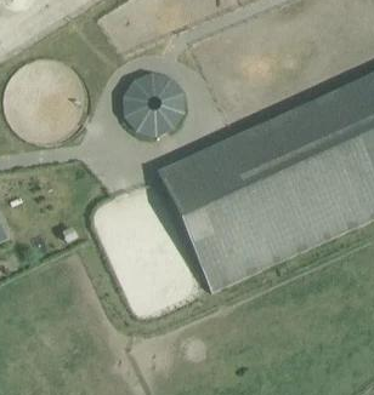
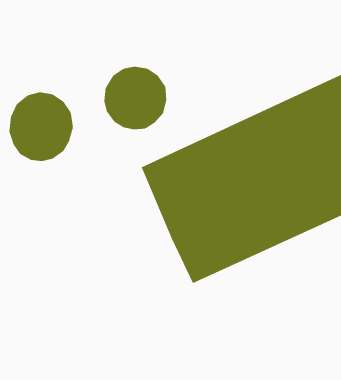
building: none -> [9,91,73,162]

